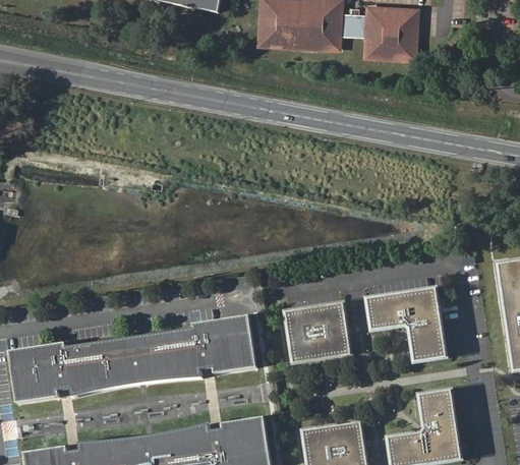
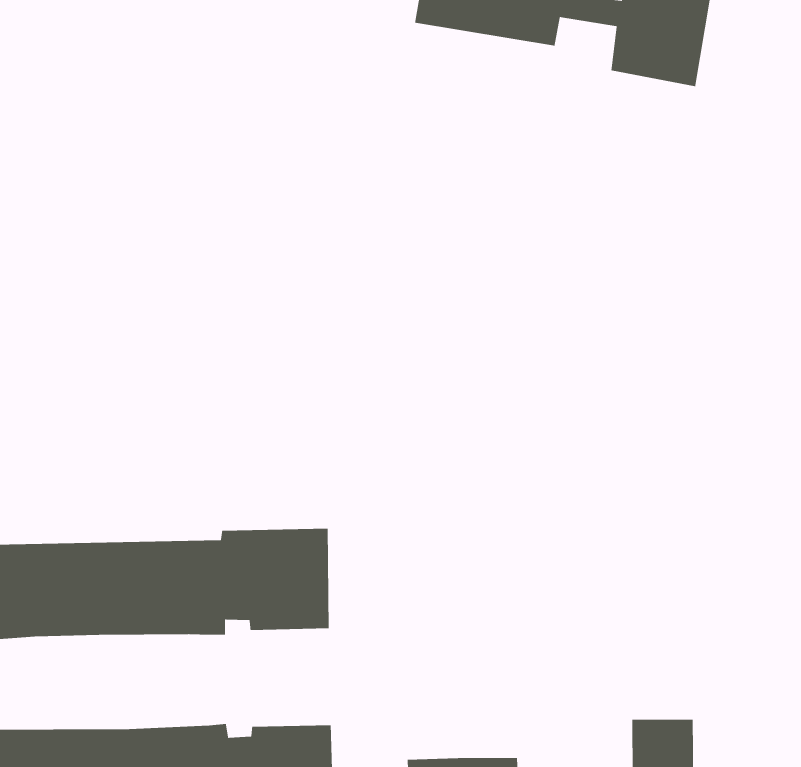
building: [366,288,445,361] -> none
building: [284,302,350,362] -> none

